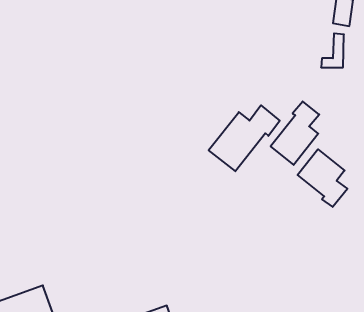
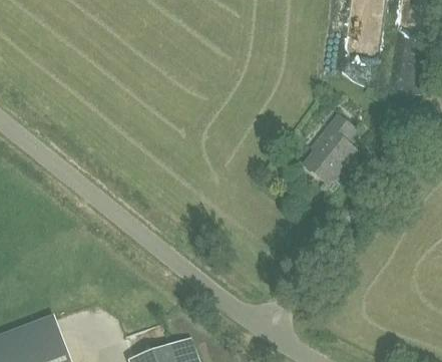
building: [209,105,280,171] -> none
building: [298,149,347,207] -> none

